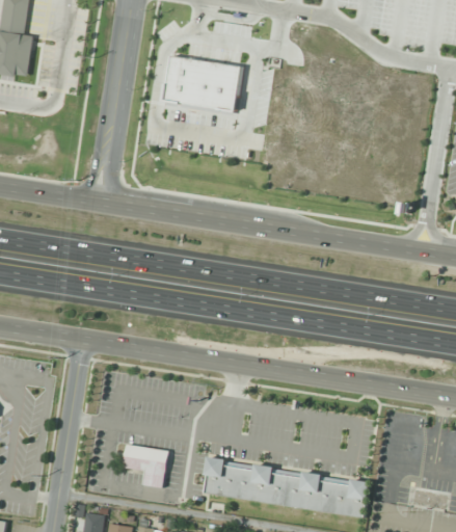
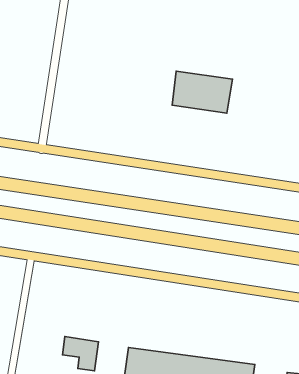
building: [158,54,236,108] -> [172,71,233,113]

